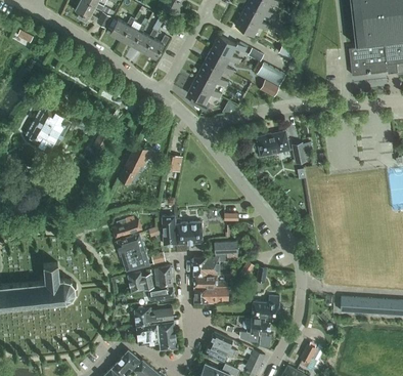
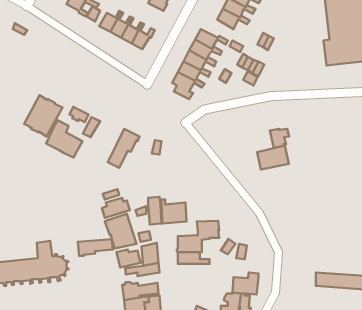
building: [256,131,289,157] -> [257,146,289,170]
building: none -> [46,120,82,158]
building: none -> [78,239,113,256]
building: [193,288,228,303] -> none

